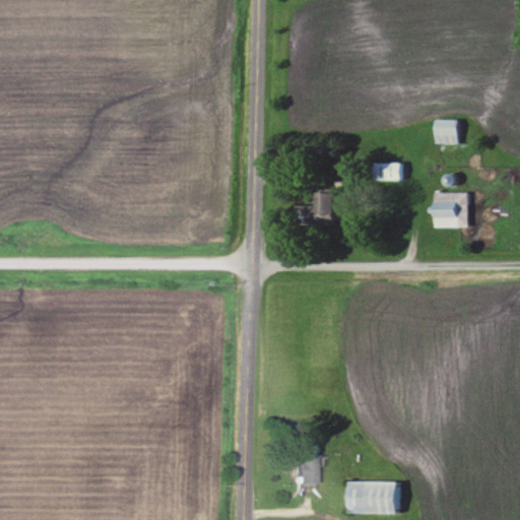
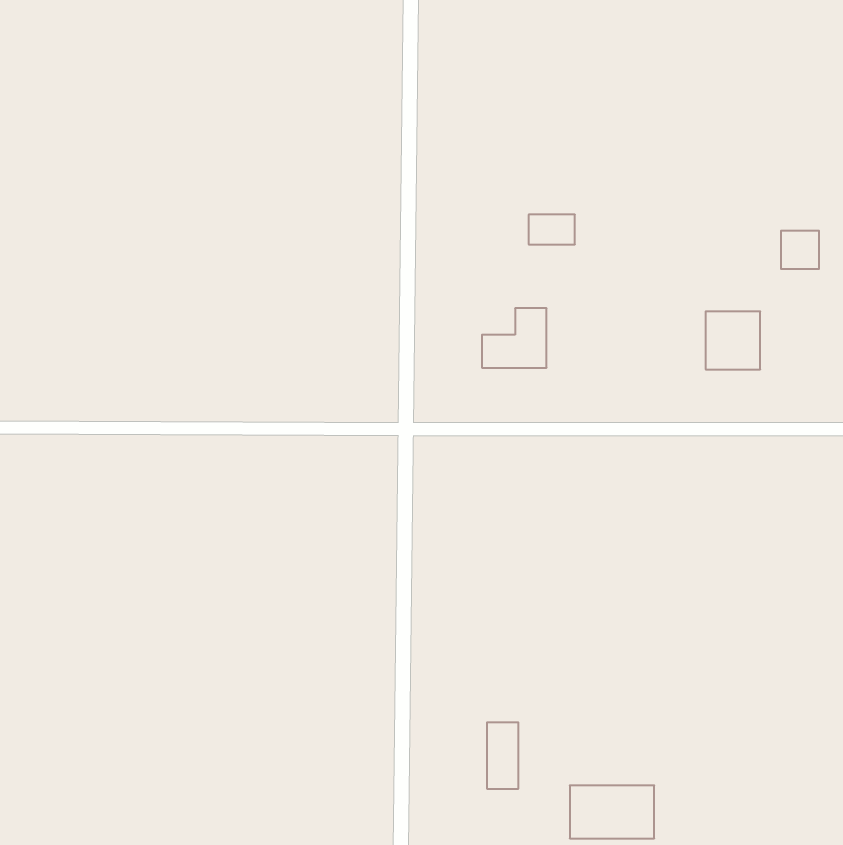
building: [434,120,457,143] -> [781,231,819,269]
building: [374,162,402,181] -> [529,215,575,244]

